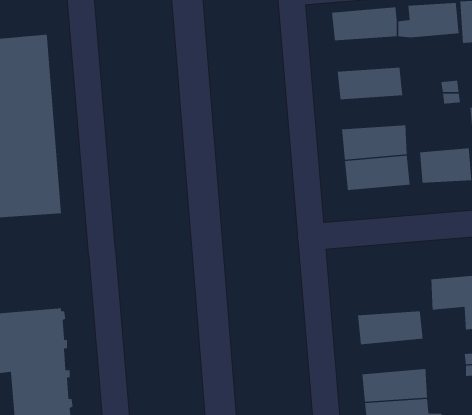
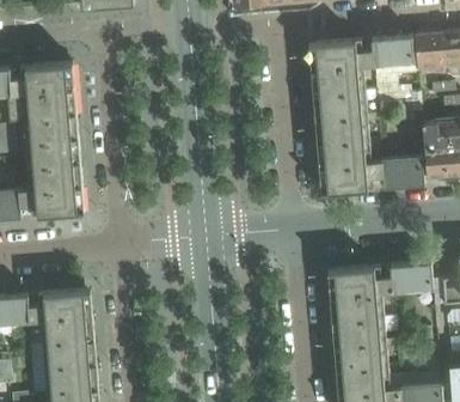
building: none -> [311,65,366,93]
building: none -> [315,114,370,141]
building: none -> [327,266,382,296]
building: none -> [332,316,399,345]

